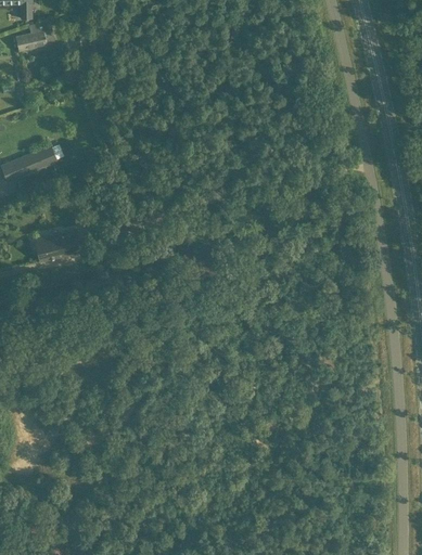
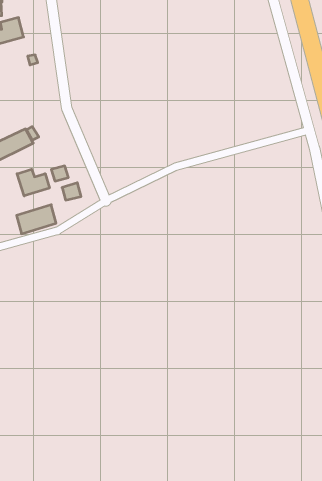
building: none -> [17,169,49,196]

